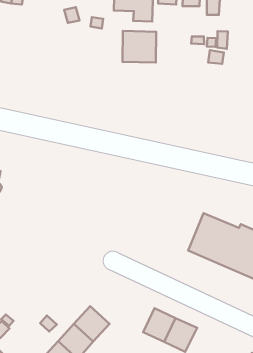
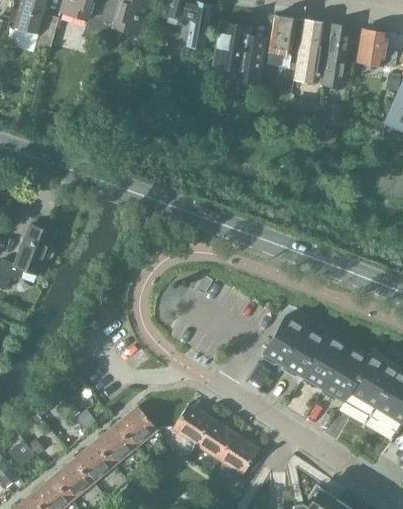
building: [122,31,156,63] -> none
building: none -> [172,402,213,444]

